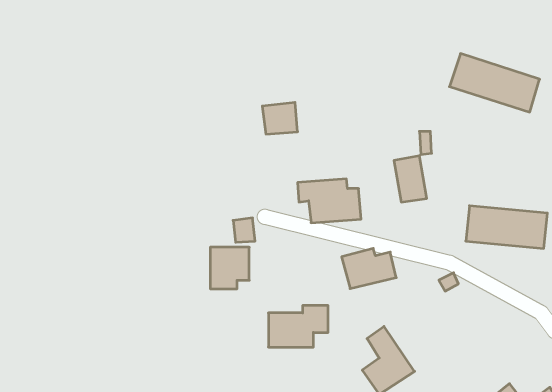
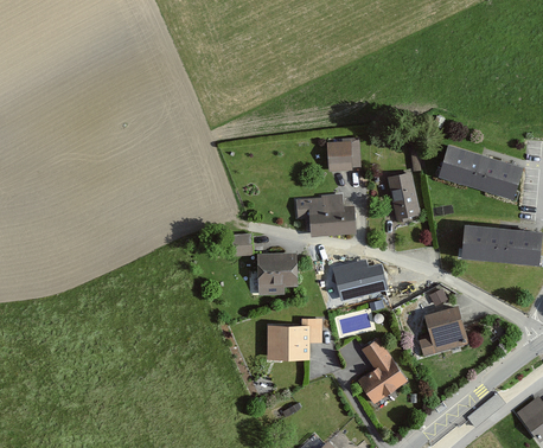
building: [449,54,540,112] -> [433,141,520,198]
building: [262,102,298,134] -> [327,139,362,169]
building: [210,247,249,289] -> [257,255,295,295]
building: none -> [417,306,468,359]

